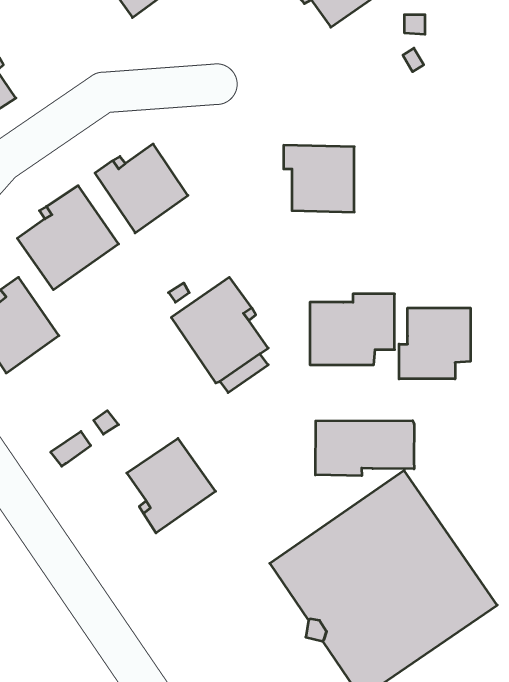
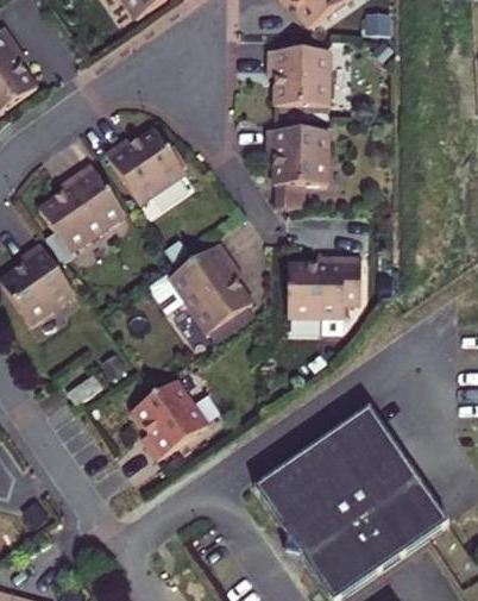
building: none -> [266,50,328,106]
building: [399,308,470,379] -> none
building: [315,421,414,476] -> none

